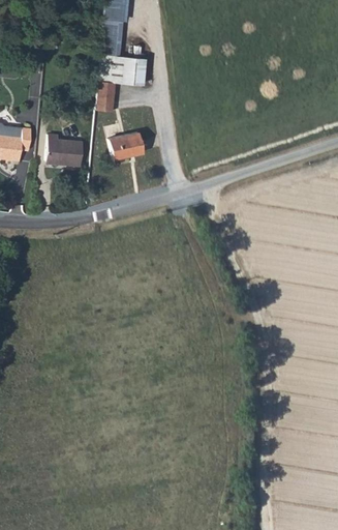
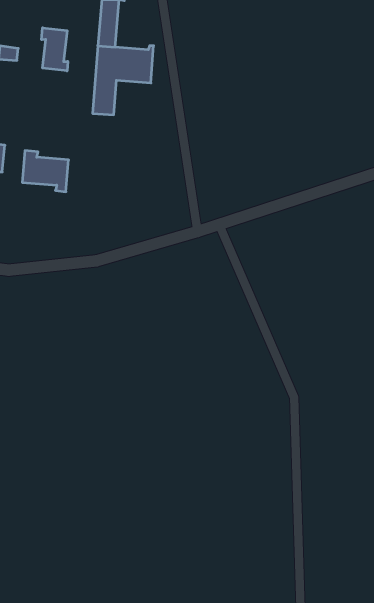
building: none -> [42,28,68,71]
building: [109,129,144,156] -> none

